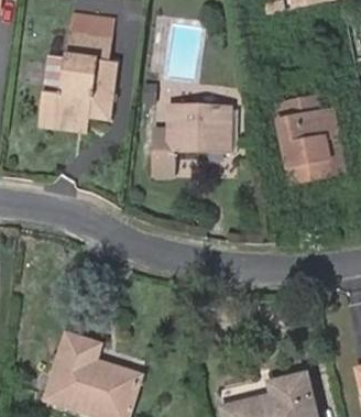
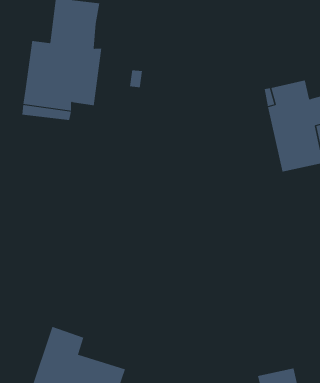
building: [154,107,238,174] -> none

